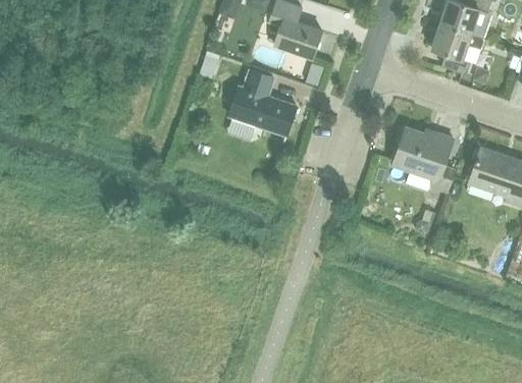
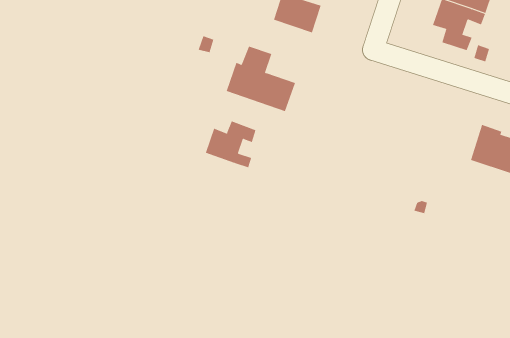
building: [394,127,455,192] -> none
building: none -> [205,121,256,168]

